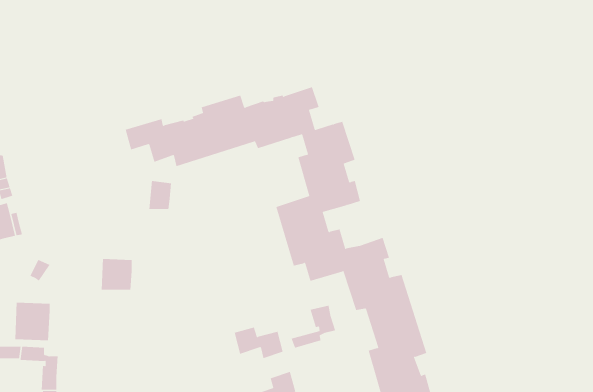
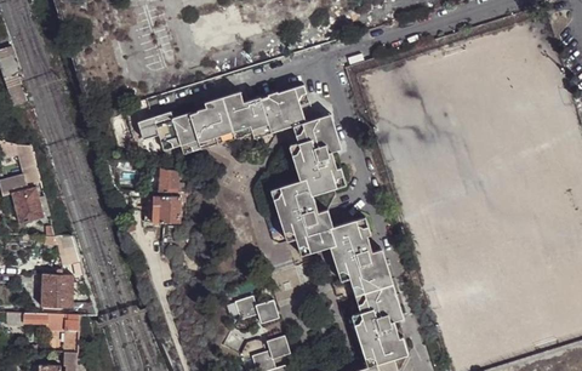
building: [101,258,132,290] -> [152,194,179,222]
building: [291,305,336,348] -> none

